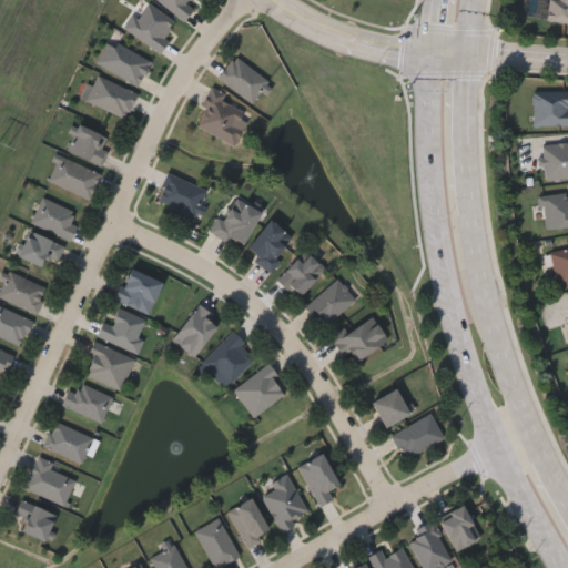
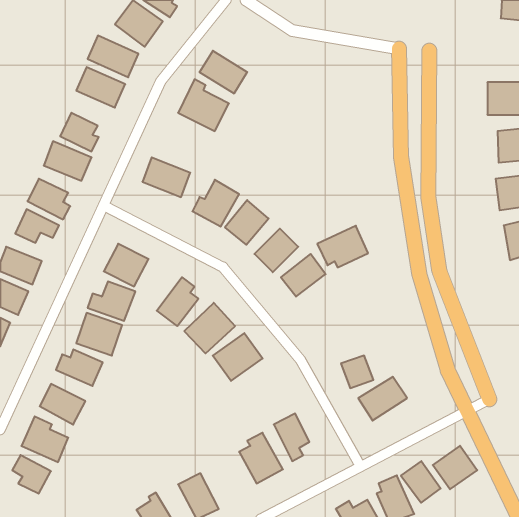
building: [332,315,387,361] -> [317,226,368,267]
building: none -> [433,446,477,489]
building: [227,498,270,548] -> none

